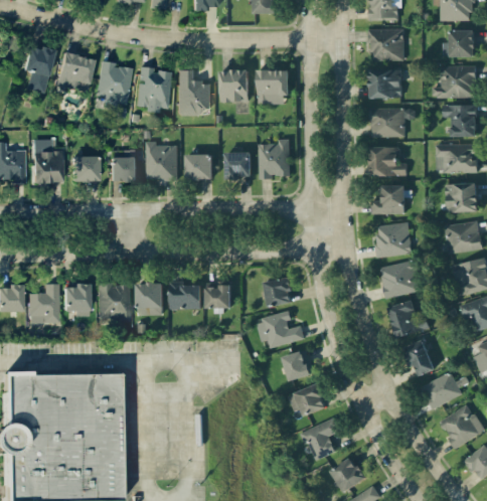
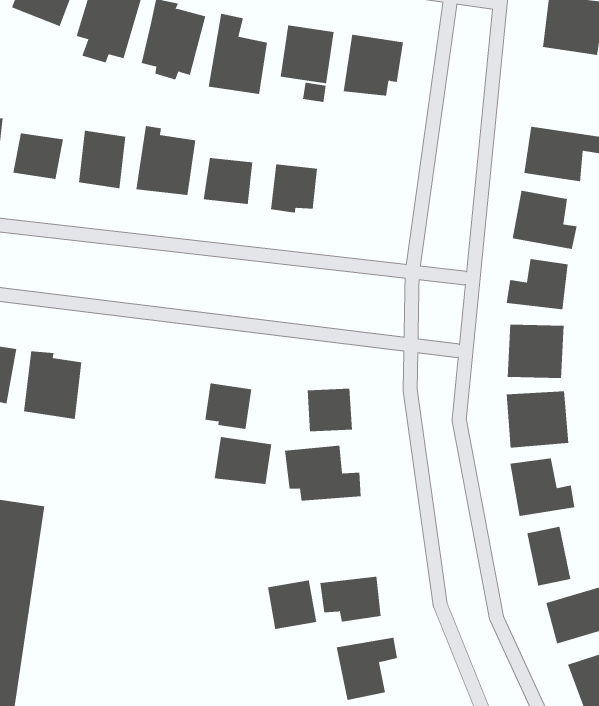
building: [369,70,400,99] -> none
building: [258,140,290,179] -> none
building: [136,283,163,316] -> none
building: [169,285,200,310] -> [214,436,272,485]
building: [282,349,314,381] -> [267,580,317,629]

